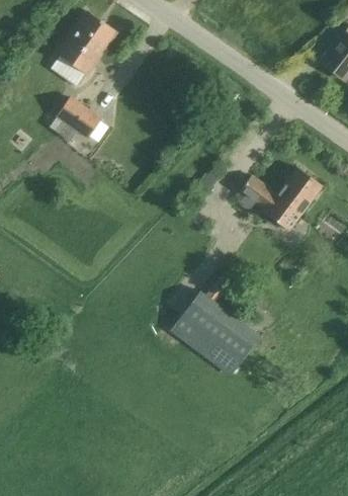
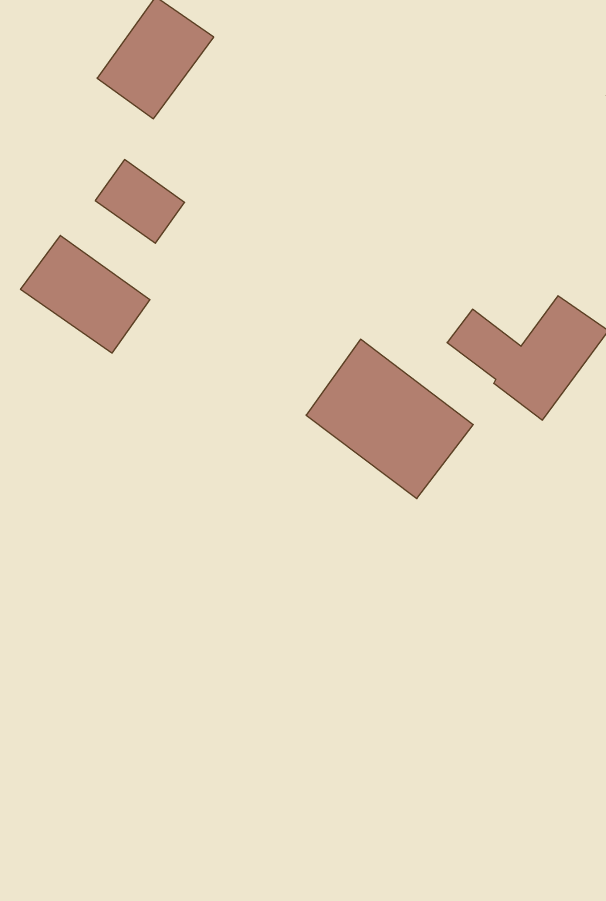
building: none -> [21,235,150,353]
building: [173,292,260,375] -> [306,339,473,499]

